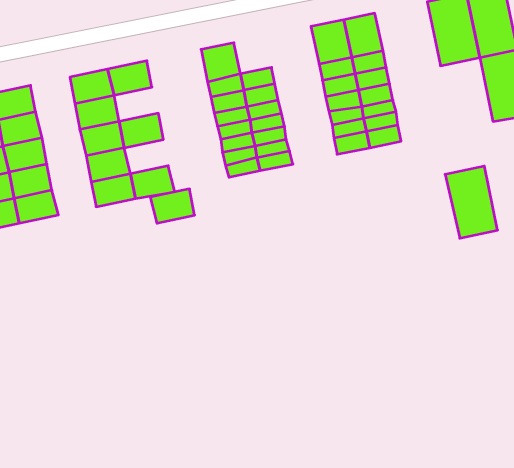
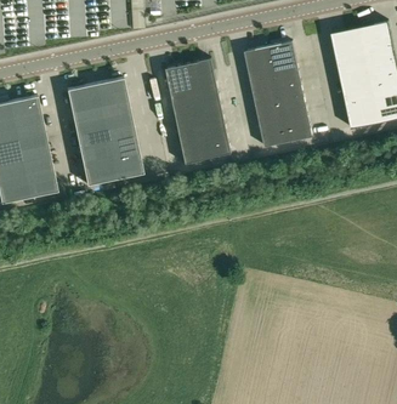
building: none -> [188,58,216,86]
building: none -> [100,96,132,121]
building: [445,166,498,238] -> [341,74,380,127]
building: [150,189,195,223] -> [107,135,140,160]

